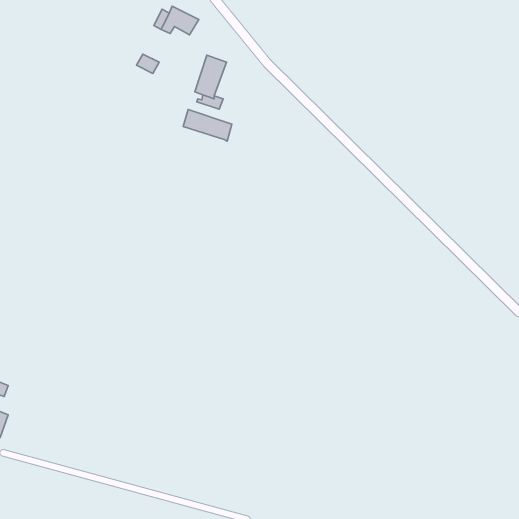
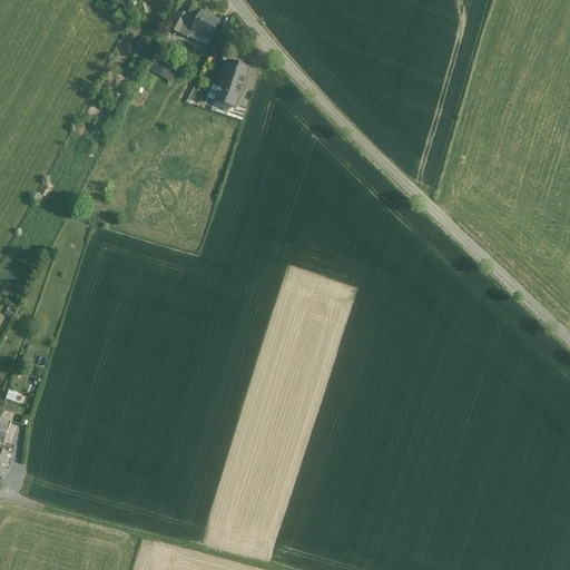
building: [183,110,232,141] -> none

